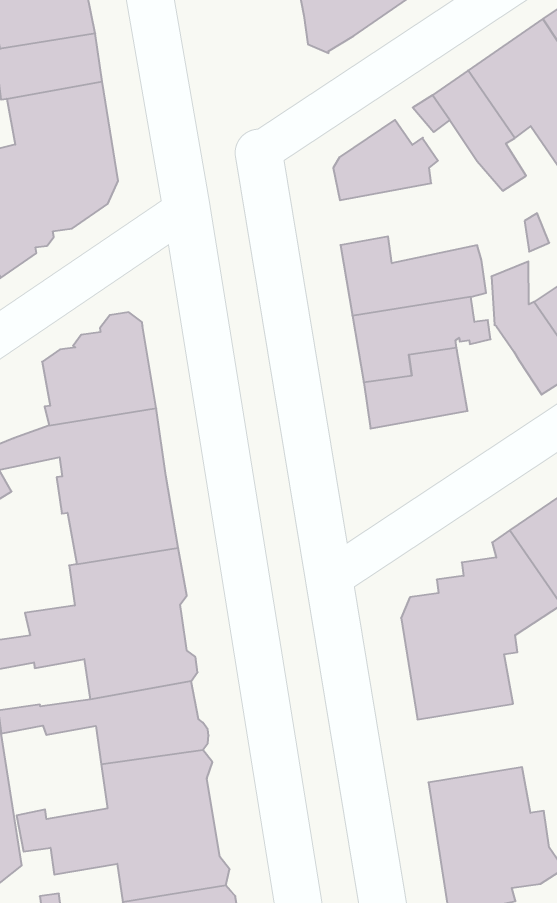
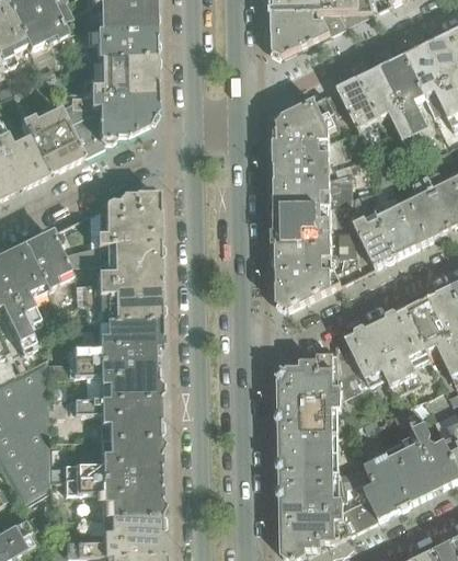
building: none -> [274,137,371,179]
building: none -> [276,259,359,308]
building: none -> [279,435,334,472]

